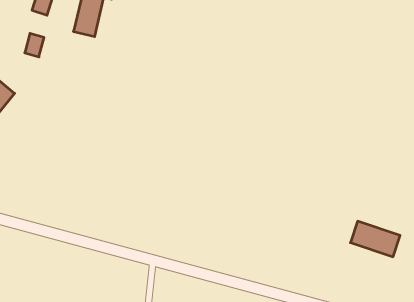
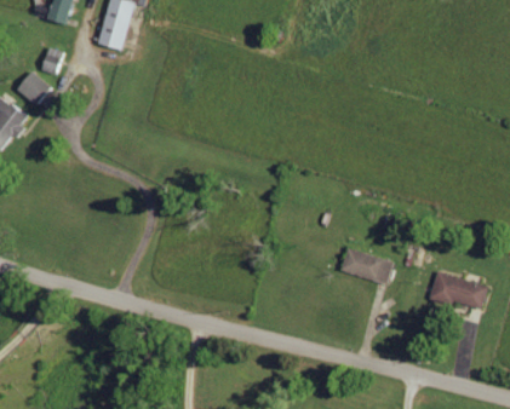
building: none -> [15,69,50,104]
building: none -> [339,247,392,283]

